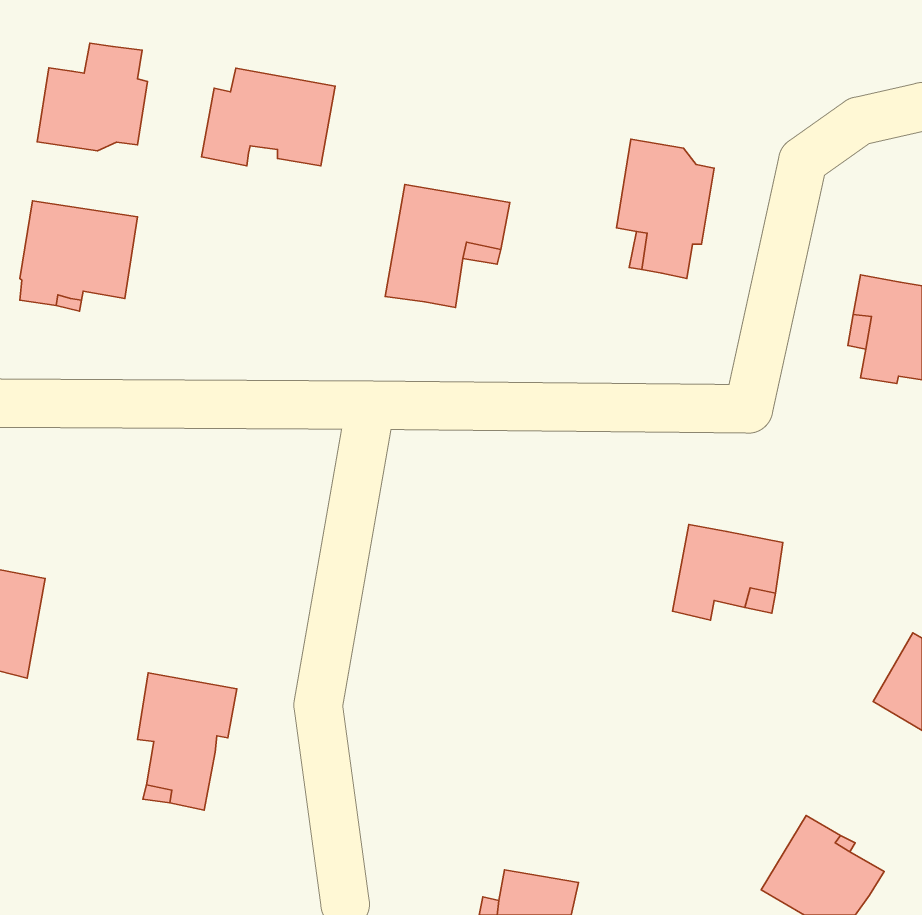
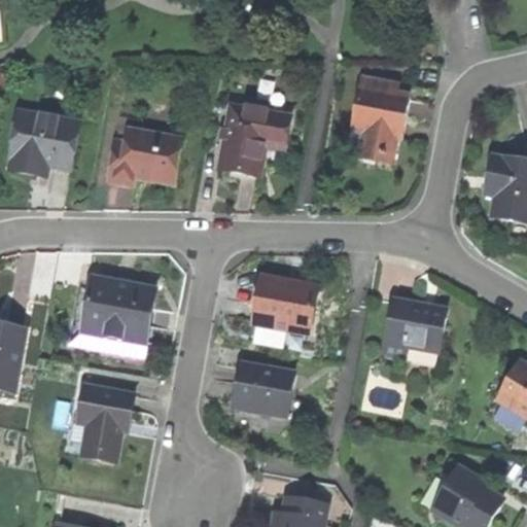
building: [37,43,147,151] -> none
building: [202,68,335,166] -> [108,130,184,185]
building: none -> [251,275,316,330]
building: none -> [82,277,155,344]
building: none -> [232,360,293,415]

